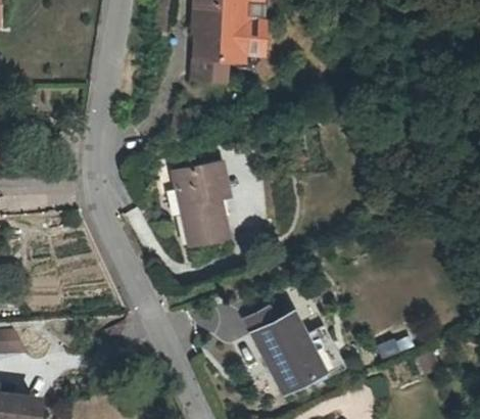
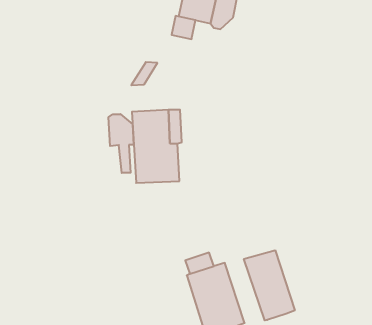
building: none -> [108,114,133,173]
building: none -> [244,250,295,320]

